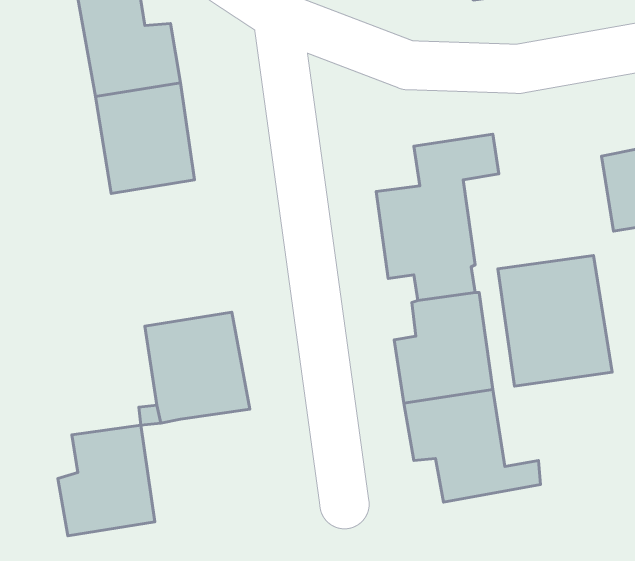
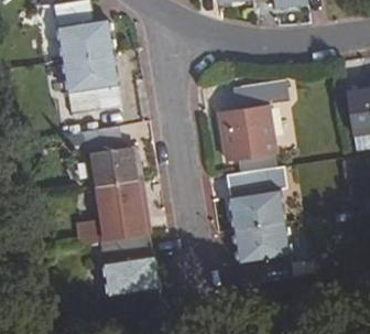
building: none -> [84,127,140,187]
building: [498,256,612,386] -> none
building: [58,425,155,536] -> [104,234,157,295]

